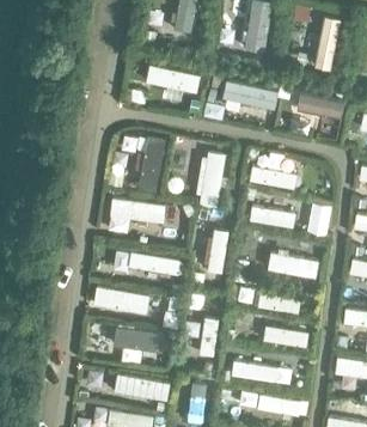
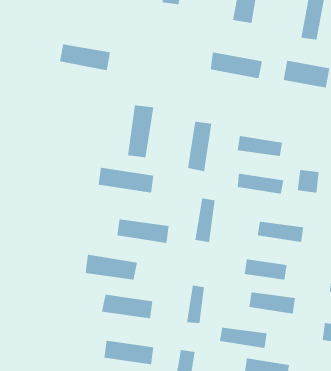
building: [145,66,197,93] -> [59,44,111,71]

